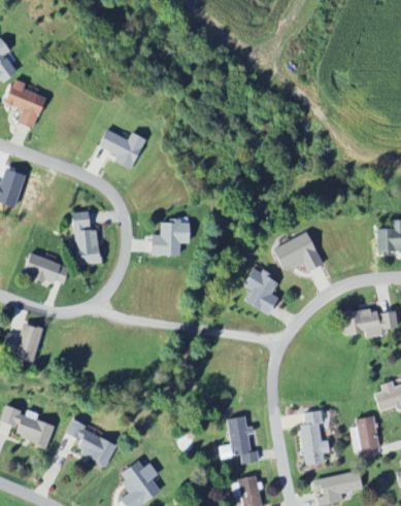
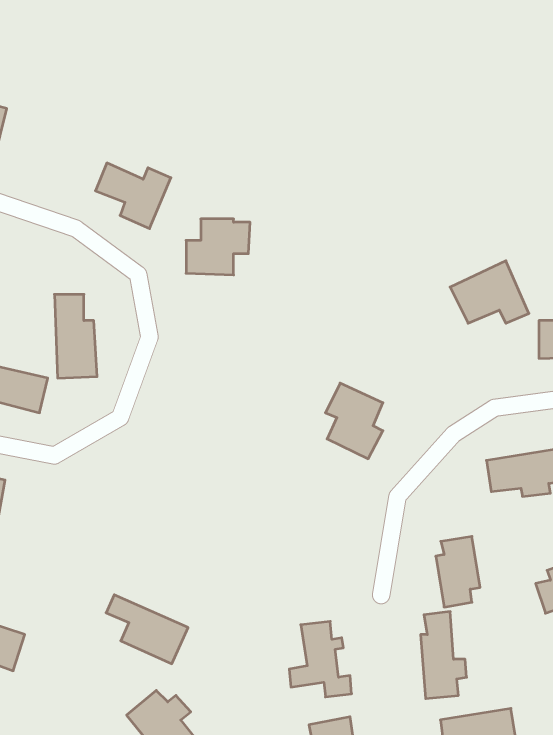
building: [151,221,191,256] -> [186,219,250,275]
building: [272,232,322,271] -> [450,261,529,323]
building: [353,415,380,460] -> [436,536,480,607]
building: [65,423,116,466] -> [106,595,188,664]

